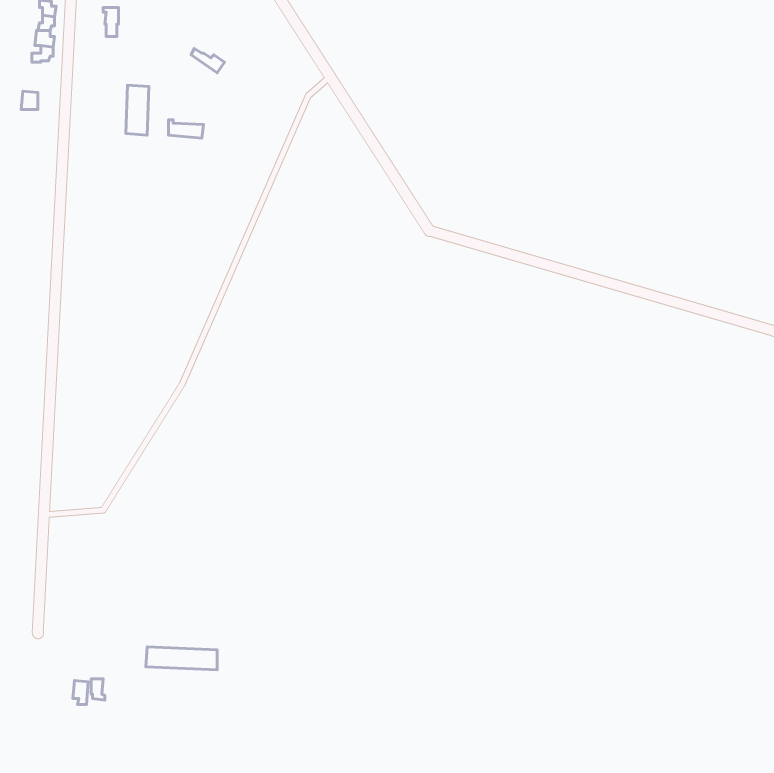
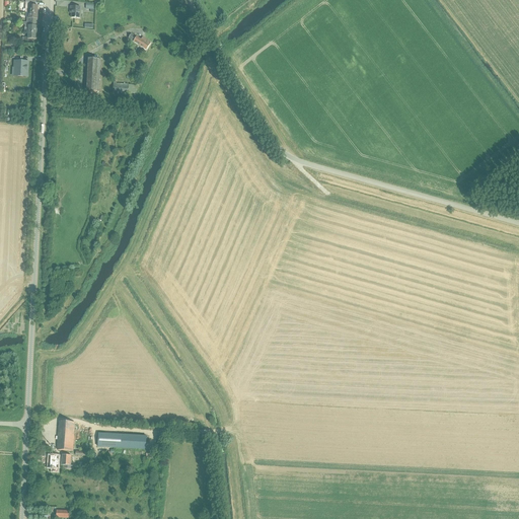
building: none -> [57,420,74,449]

